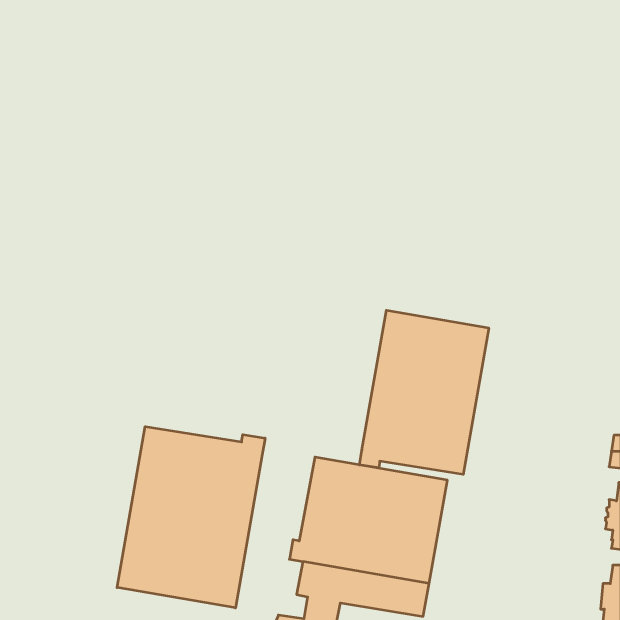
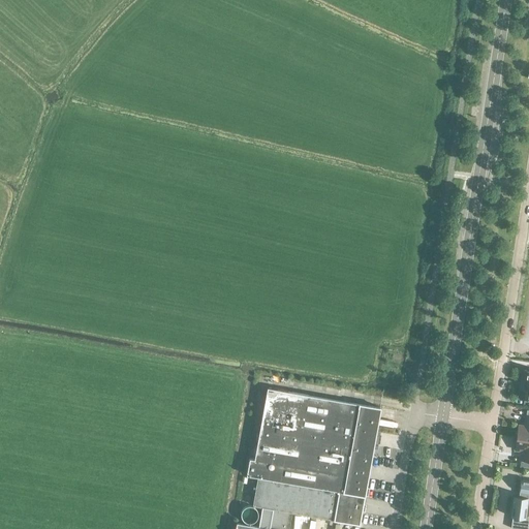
building: [359,310,489,474] -> none
building: [117,427,265,608] -> none

